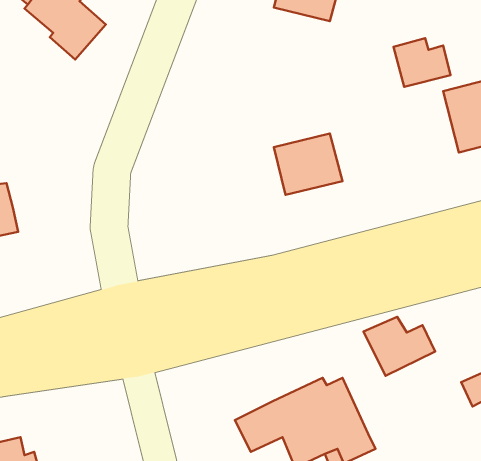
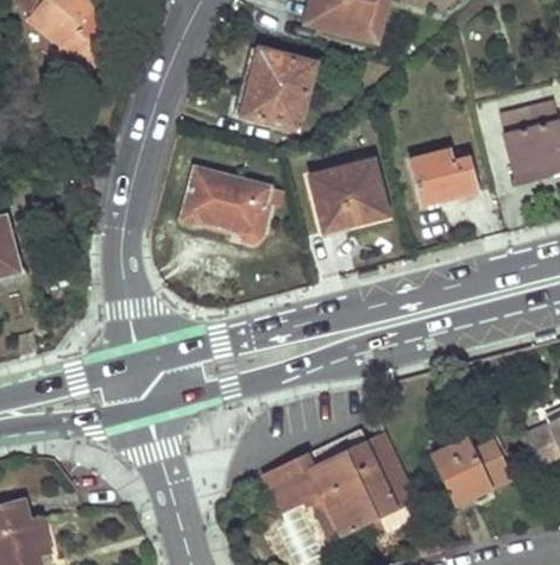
building: none -> [241,50,314,127]
building: [394,38,451,87] -> [411,149,476,203]
building: none -> [181,167,271,241]
building: [363,317,435,376] -> [430,439,511,506]

